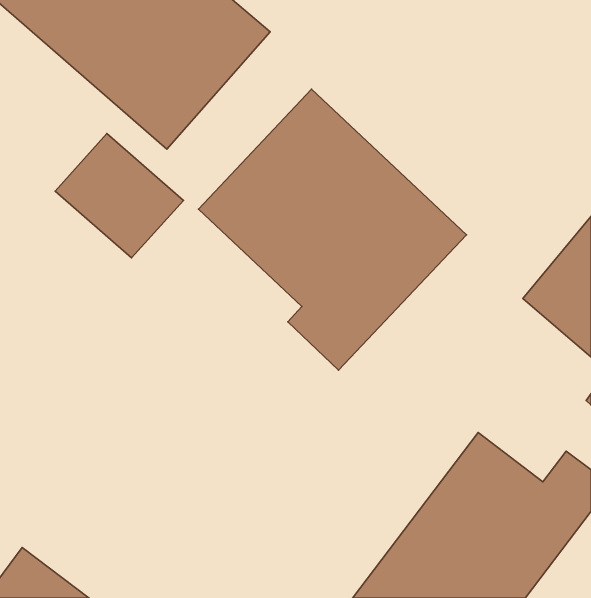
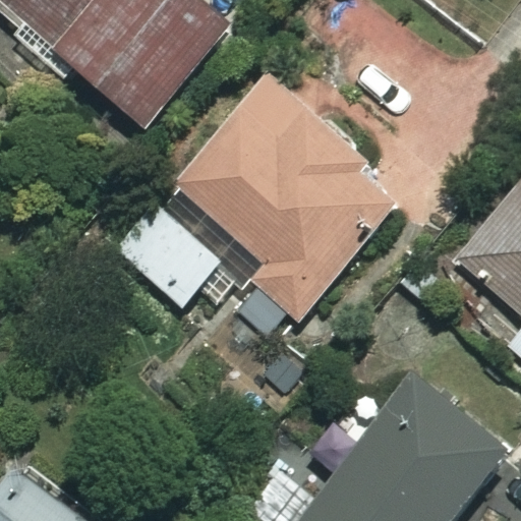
building: [55,133,183,258] -> [114,200,225,308]

